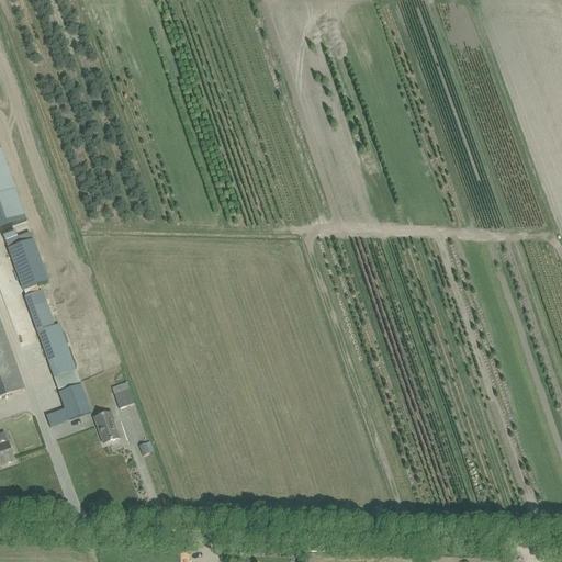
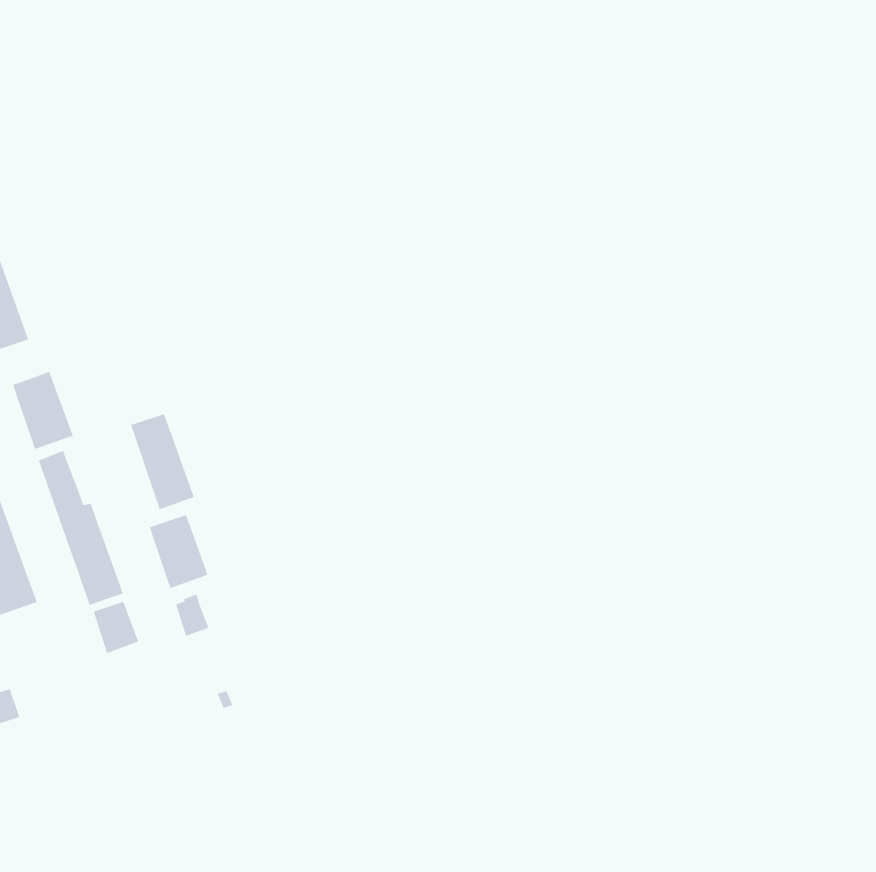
building: none -> [130,413,195,510]
building: none -> [149,514,209,589]
building: [93,411,119,441] -> none

